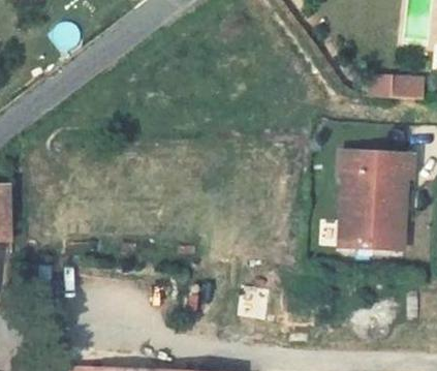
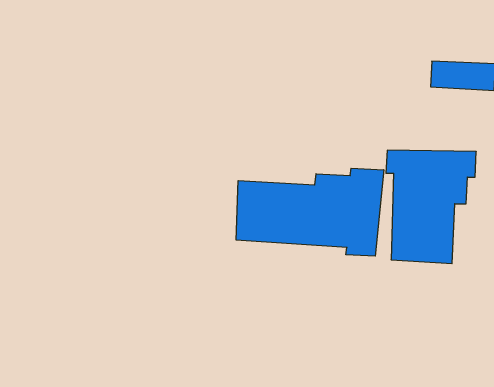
building: none -> [236,168,384,256]

